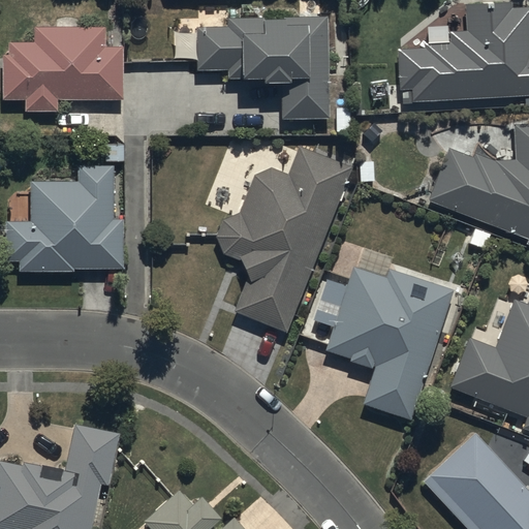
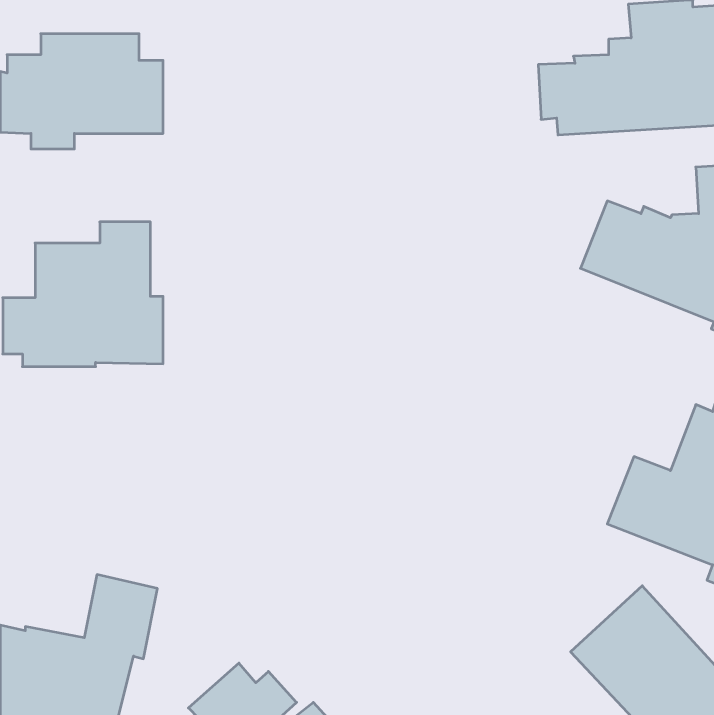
building: [195,17,330,120] -> none
building: [216,147,352,332] -> none
building: [325,268,453,419] -> none

